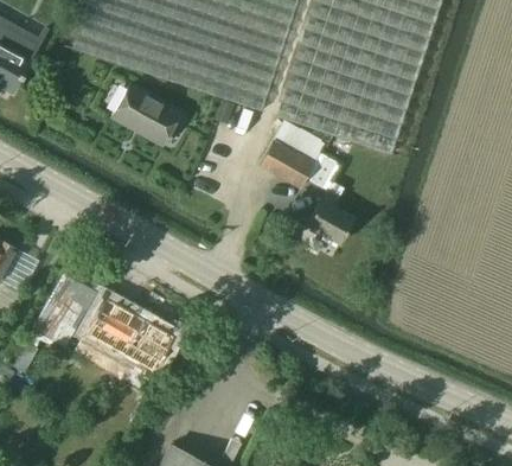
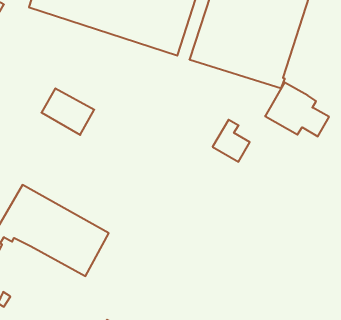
building: [111,85,179,145] -> [41,88,94,135]
building: [260,121,341,190] -> [265,83,329,136]

